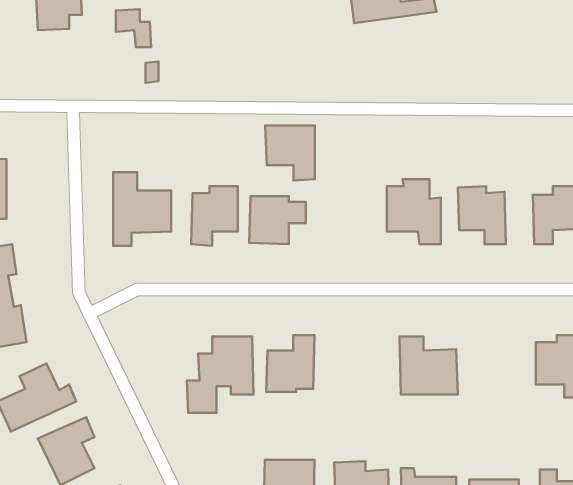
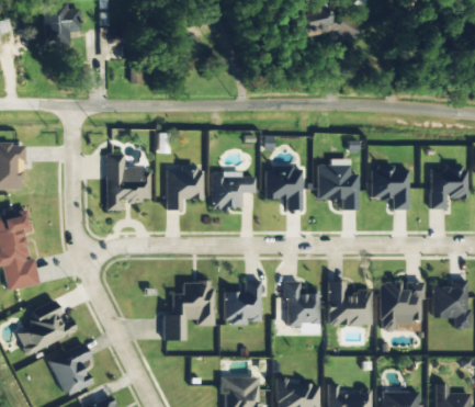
building: [265,125,315,181] -> [264,168,303,211]
building: none -> [285,281,319,325]
building: none -> [380,281,422,331]

